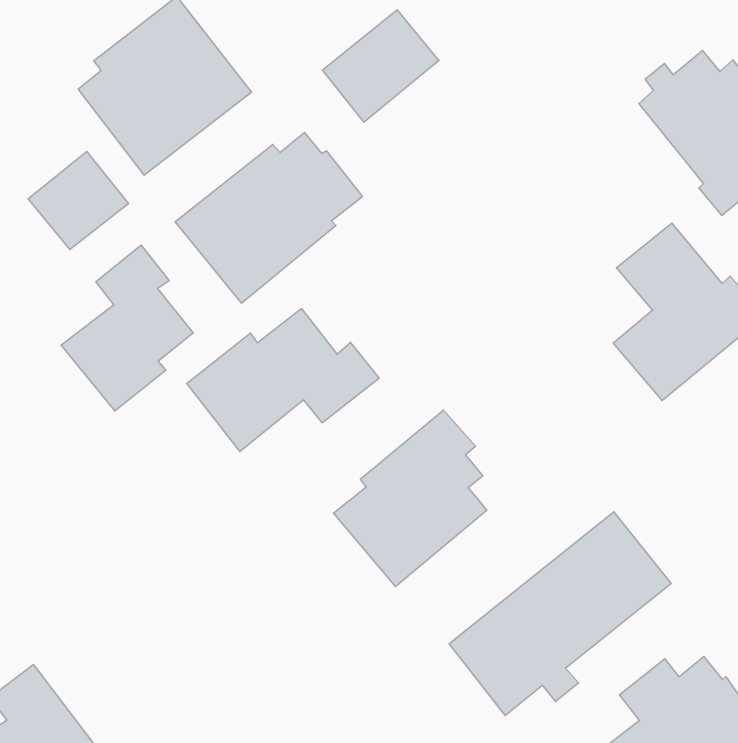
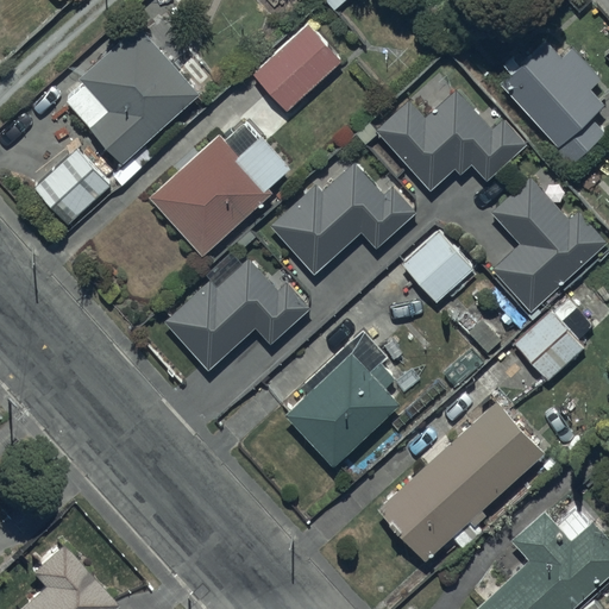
building: none -> [375,92,526,193]
building: none -> [270,163,417,276]
building: [61,245,193,411] -> none
building: none -> [401,232,473,304]
building: none -> [515,312,584,381]

